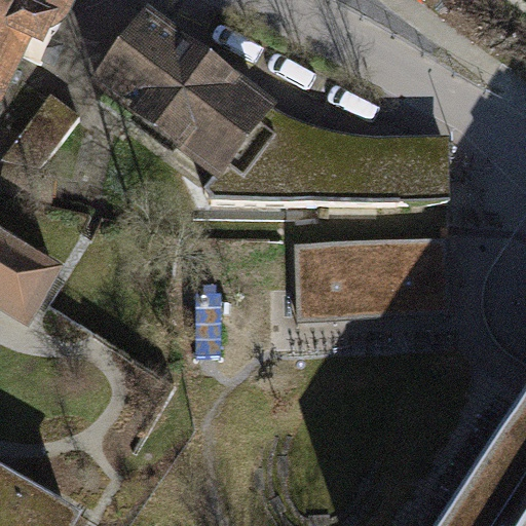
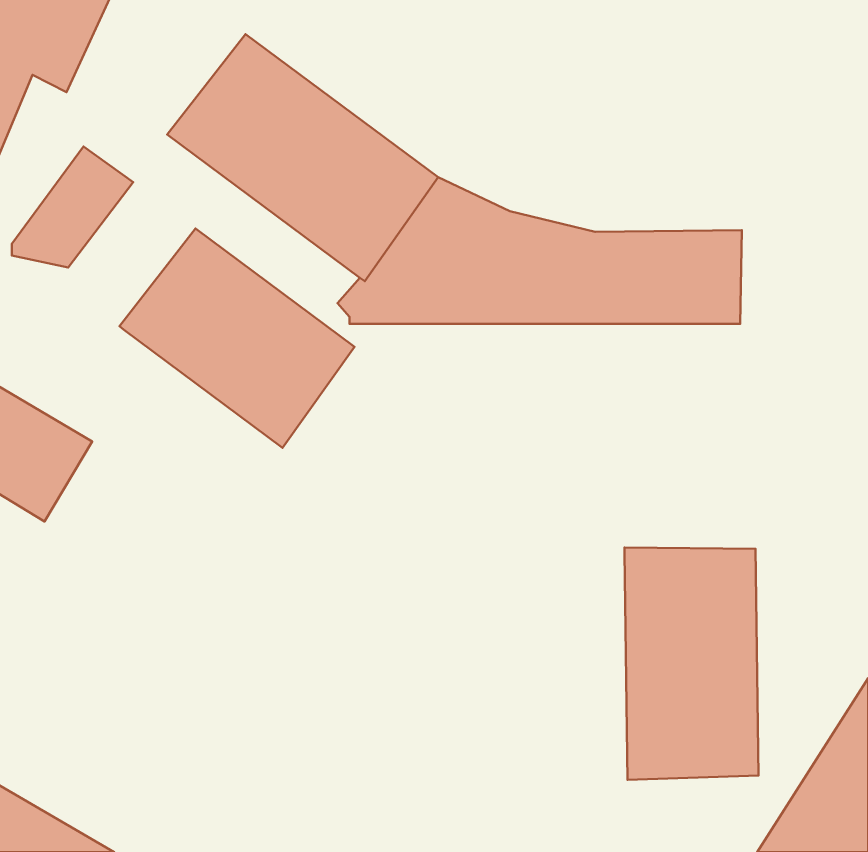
building: none -> [119,229,355,448]
building: [295,236,449,316] -> none
building: none -> [624,547,759,780]

